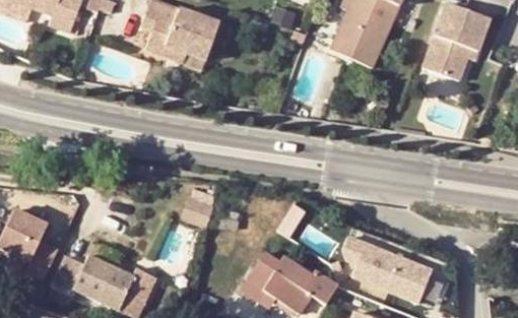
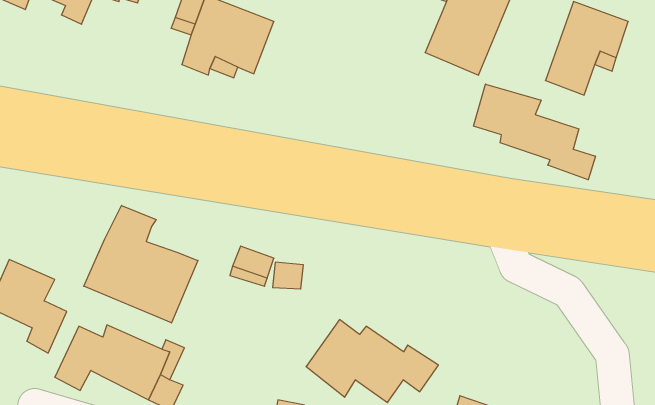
building: none -> [474,84,595,180]
building: none -> [84,205,198,323]
building: [343,238,434,300] -> none

